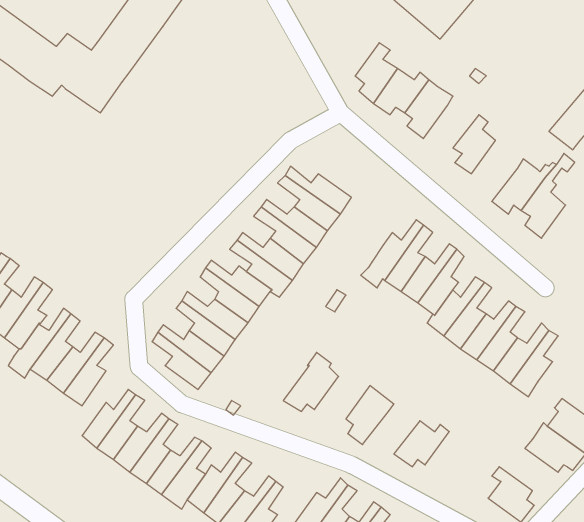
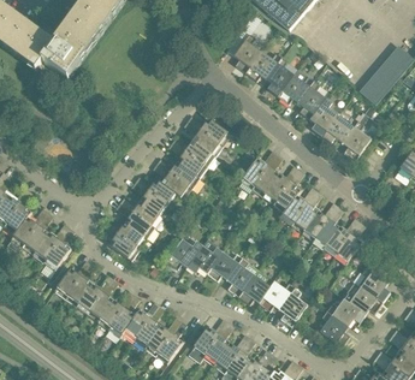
building: none -> [278,69,314,105]
building: none -> [309,97,343,137]
building: none -> [166,238,203,268]
building: none -> [207,251,243,281]
building: none -> [238,269,275,304]
building: none -> [279,287,308,326]
building: none -> [327,298,366,326]

